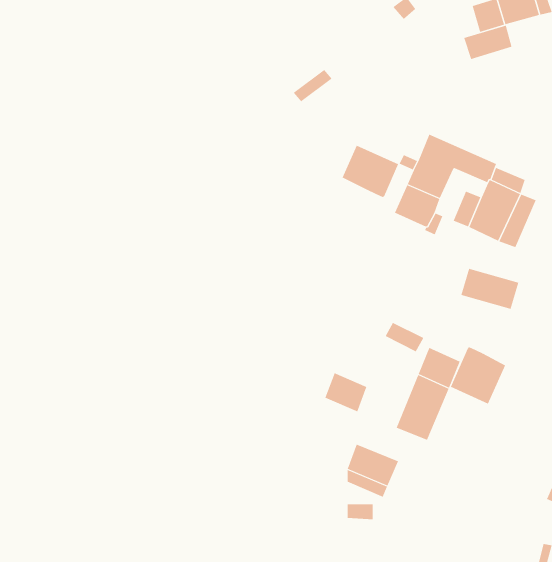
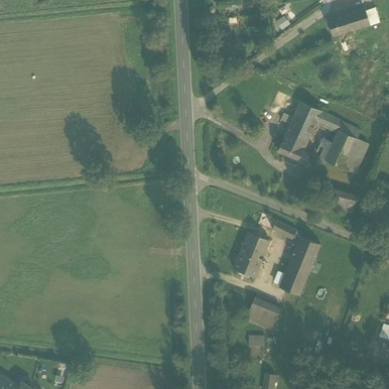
building: [463,25,512,60] -> none
building: [342,145,399,198] -> none
building: none -> [239,234,269,263]
building: [450,346,506,404] -> none

